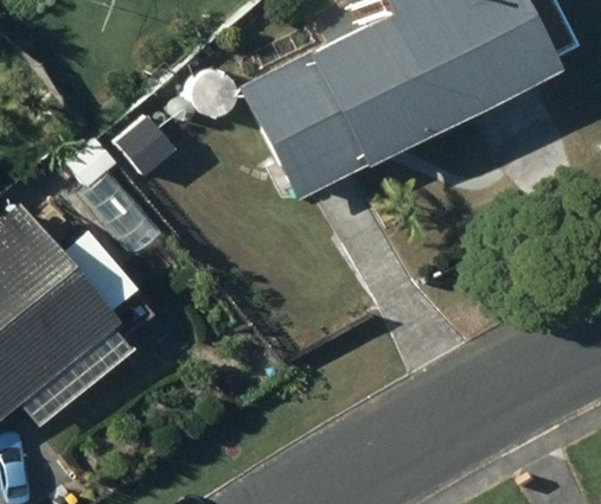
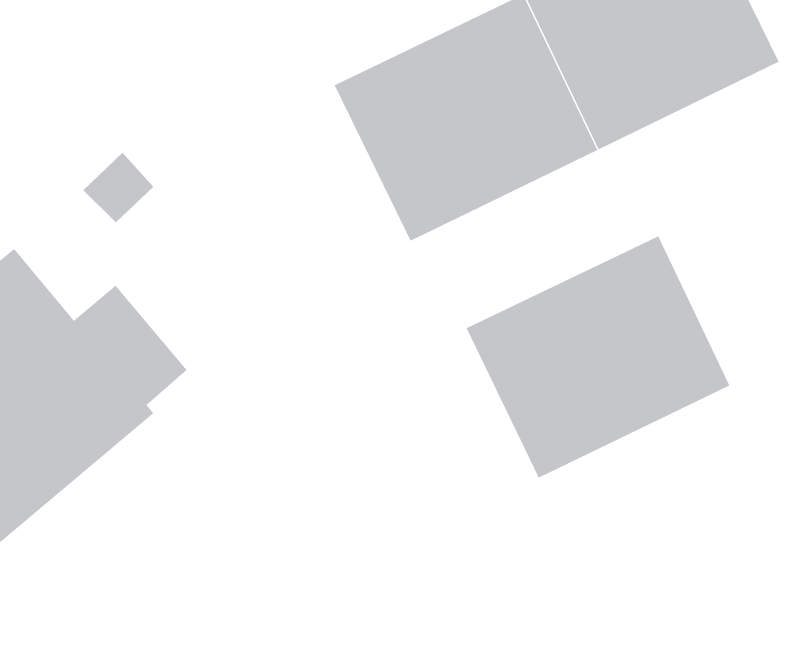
building: none -> [466,235,730,479]

